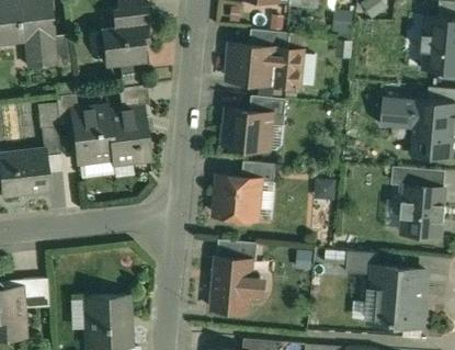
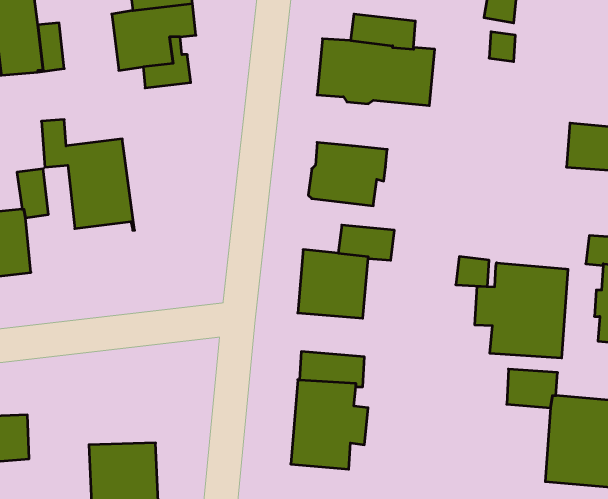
building: [106,86,149,165] -> none
building: [250,95,286,126] -> none
building: none -> [475,263,568,358]

